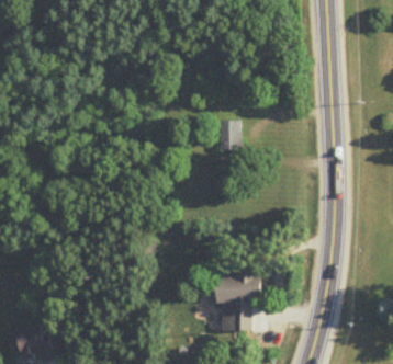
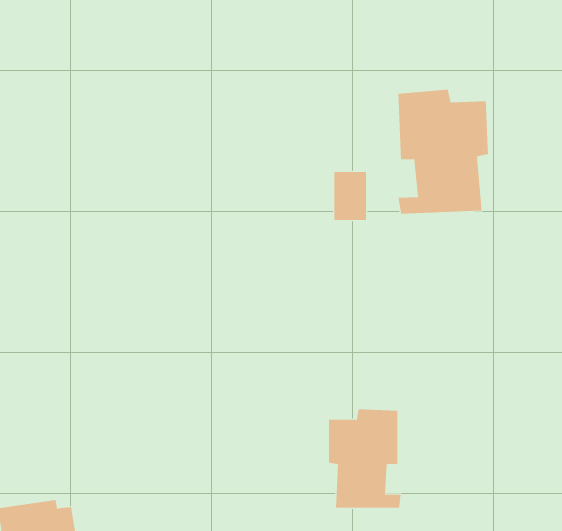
building: none -> [398,89,488,214]

